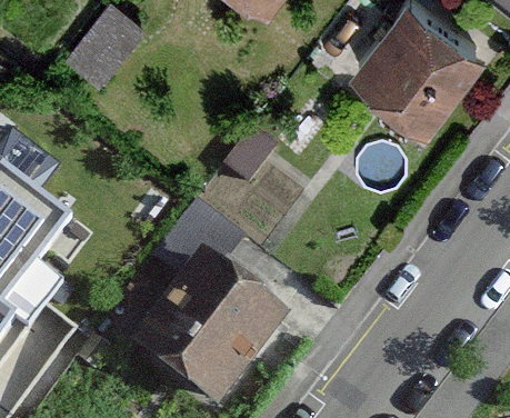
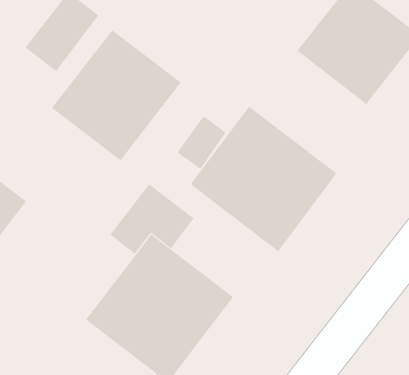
building: none -> [51,29,182,161]
building: none -> [190,106,337,252]

